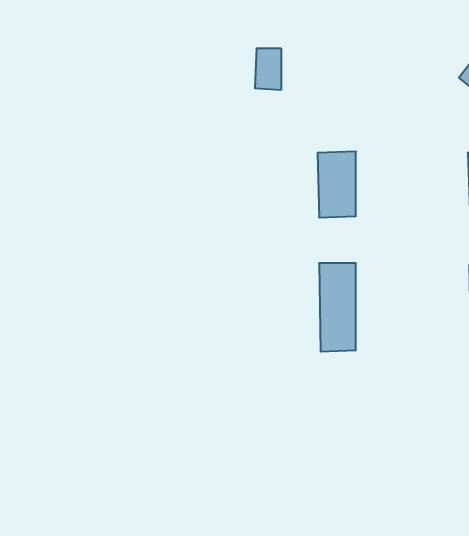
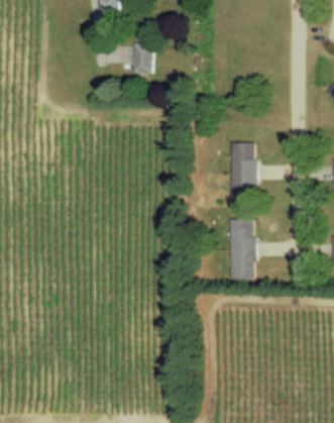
building: [255,49,281,90] -> [132,45,150,74]

